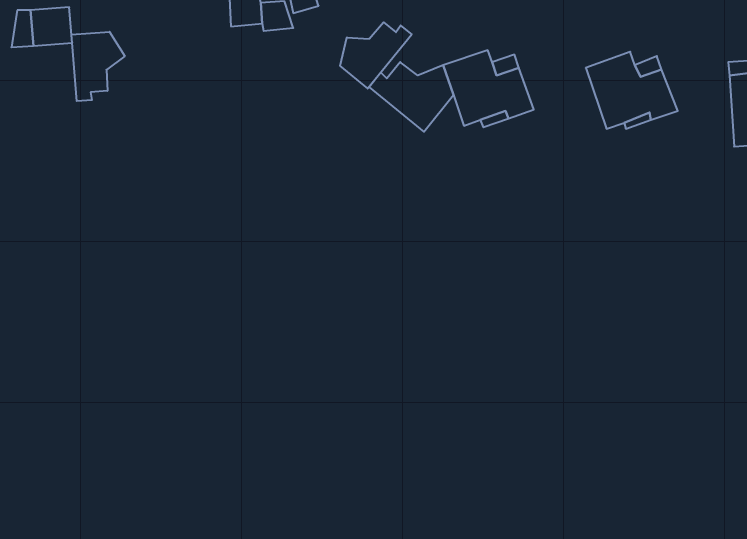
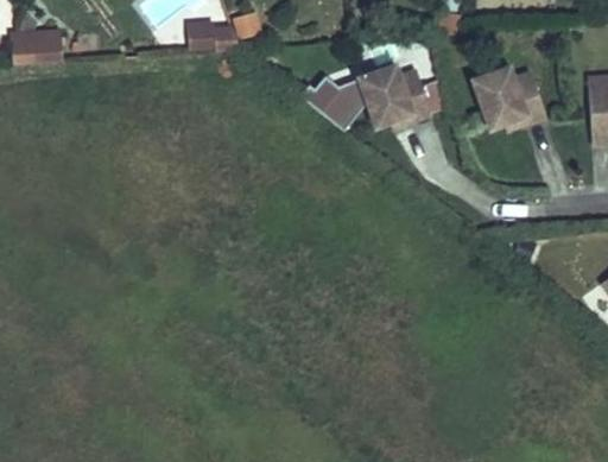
building: [340,22,412,89] -> none
building: [72,32,125,101] -> none

